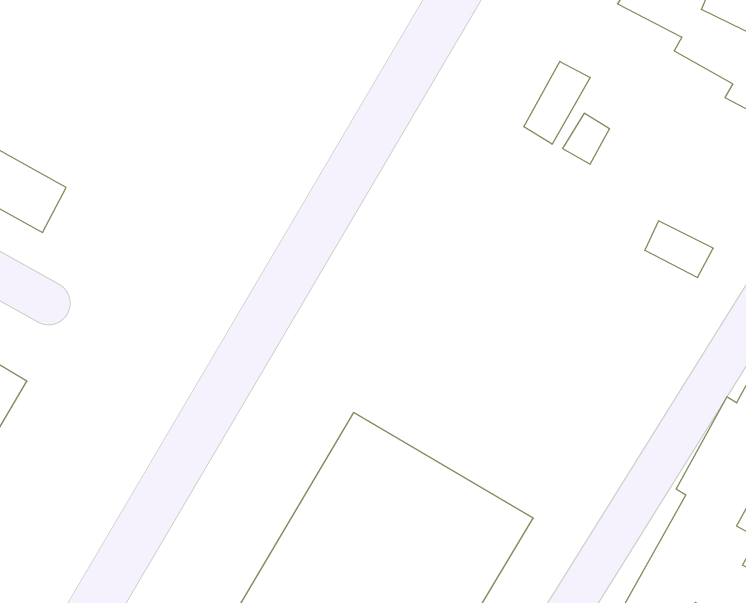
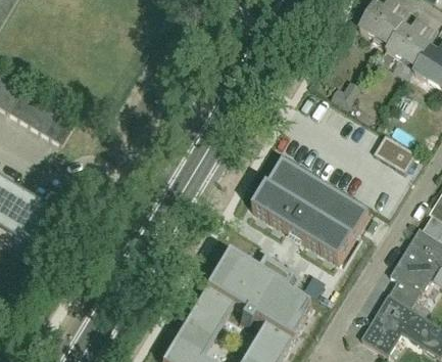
building: [524,61,590,144] -> none
building: none -> [254,163,370,267]

